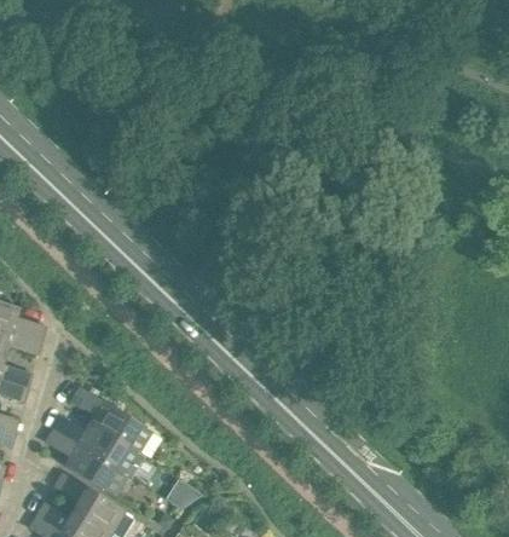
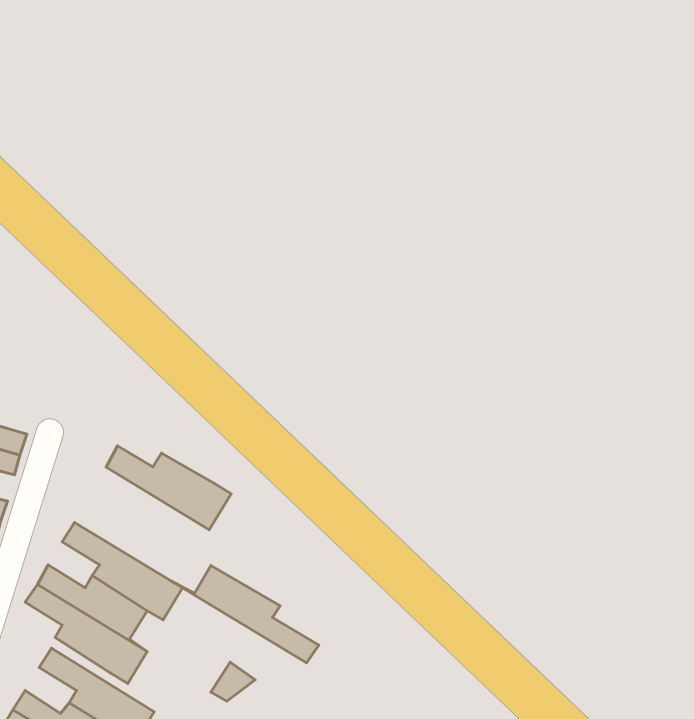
building: none -> [106,446,231,530]
building: none -> [171,566,319,663]

